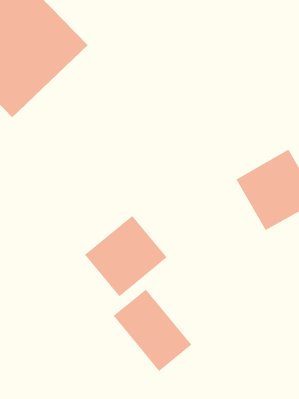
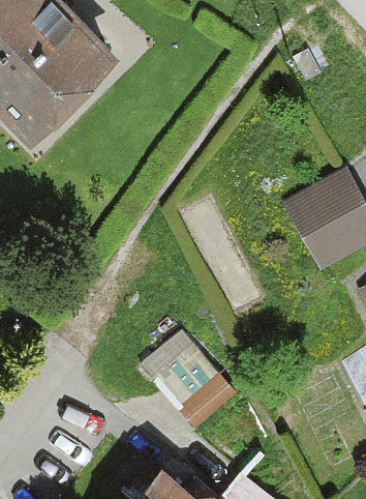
building: [84,215,168,297] -> none

